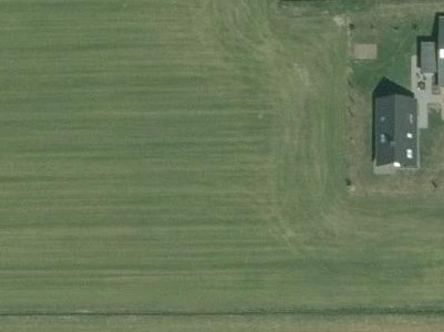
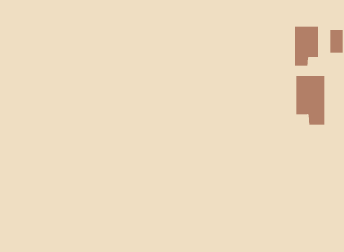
building: none -> [294,26,319,67]

